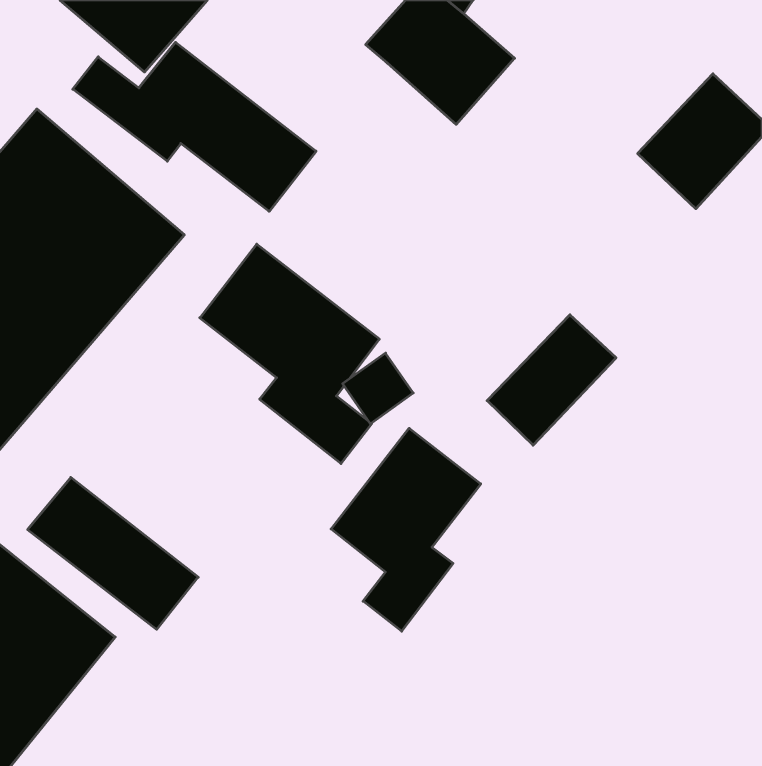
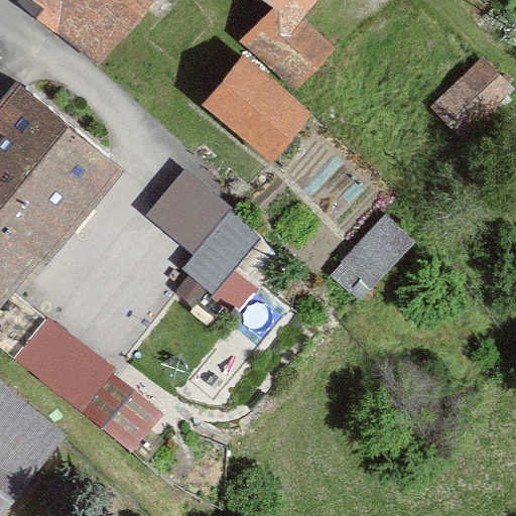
building: [73,42,316,211] -> none
building: none -> [211,53,321,162]
building: [331,428,481,631] -> none

